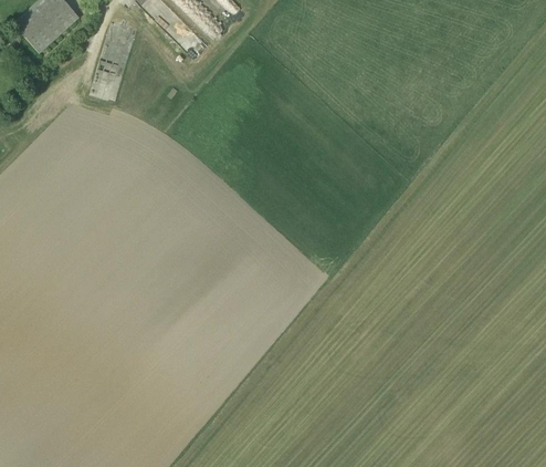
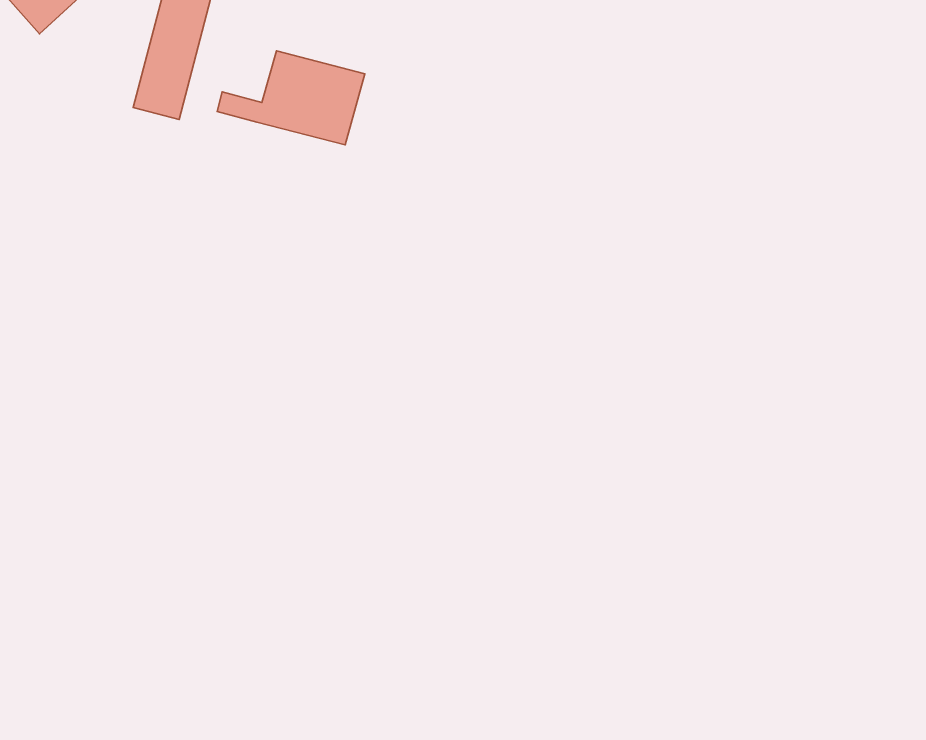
building: none -> [217,51,365,145]

